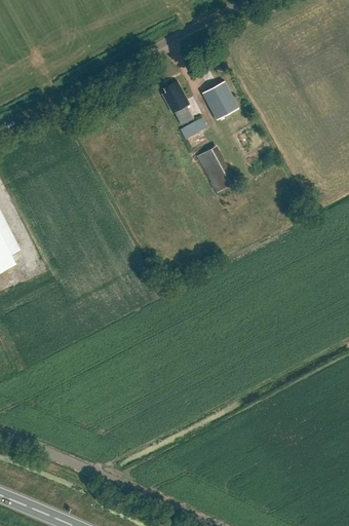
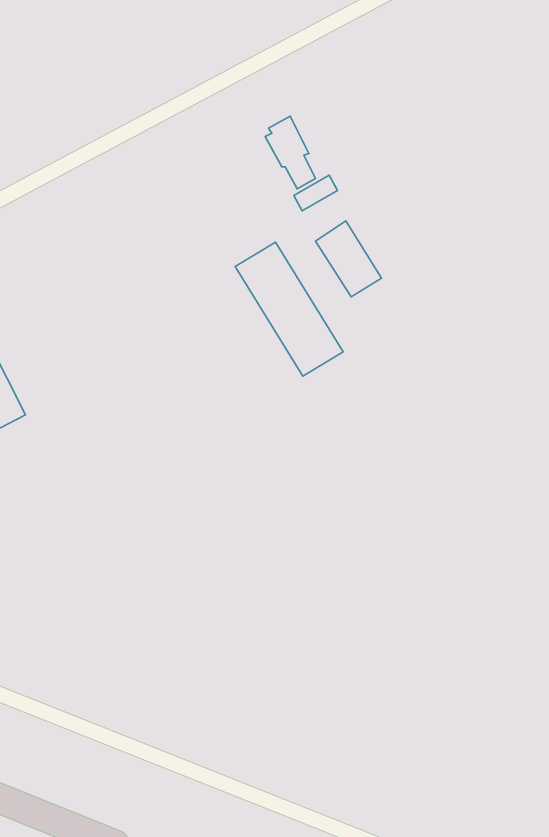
building: [202,81,238,120] -> none
building: none -> [235,242,343,376]

